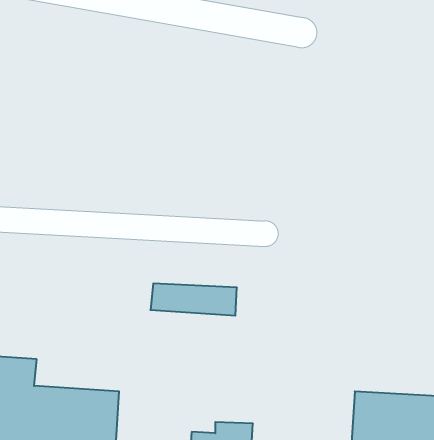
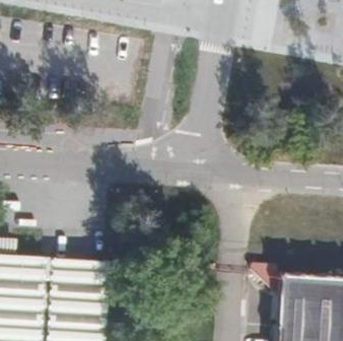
building: [150,283,237,316] -> [45,263,108,286]

